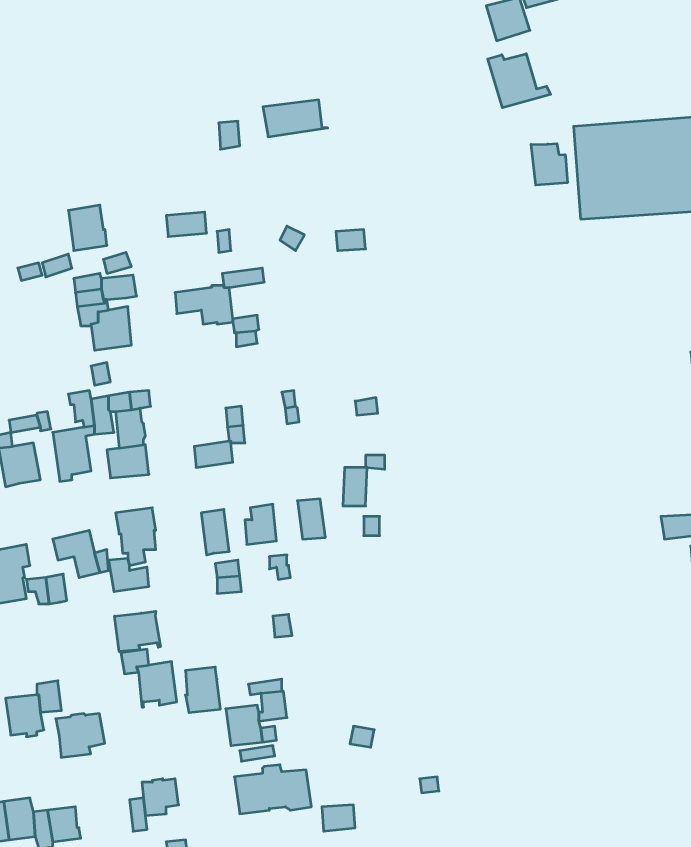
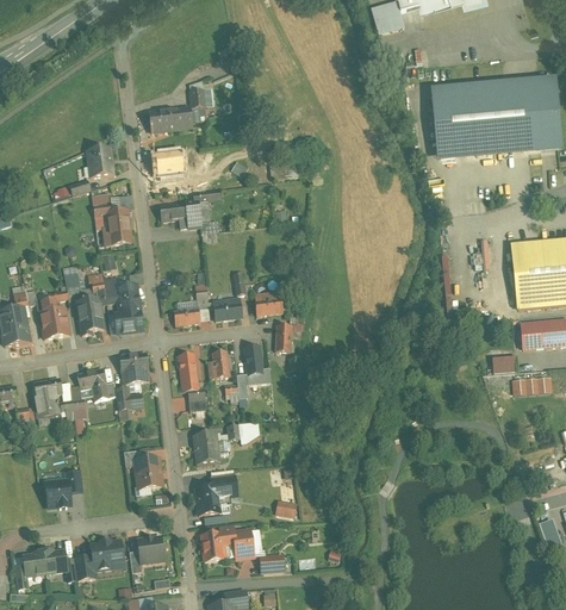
building: [488,54,551,108] -> none
building: [263,100,328,137] -> [149,106,193,131]
building: [531,144,567,185] -> none
building: none -> [255,291,282,315]
building: none -> [213,297,242,319]
building: [115,611,160,652] -> none
building: [185,667,220,713] -> [195,432,219,463]
building: [56,714,105,757] -> [91,540,124,569]

